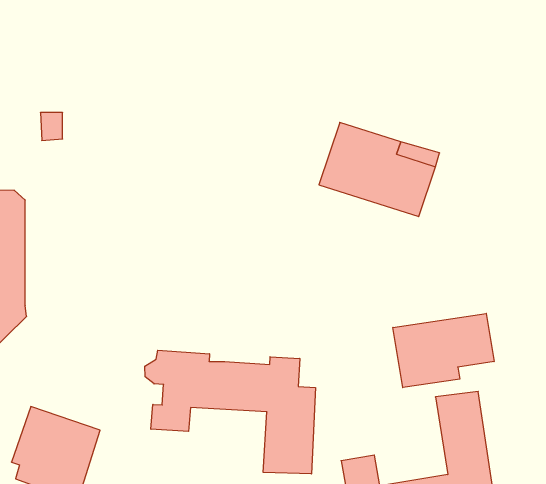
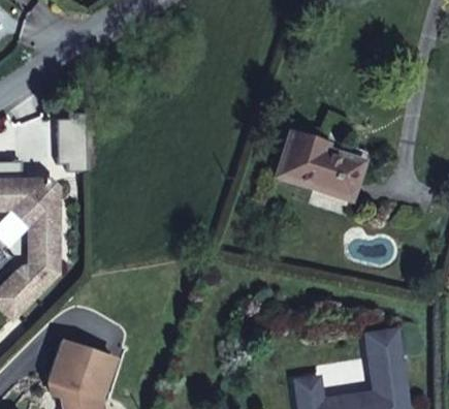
building: [393,313,494,388] -> none
building: [145,350,315,474] -> none

